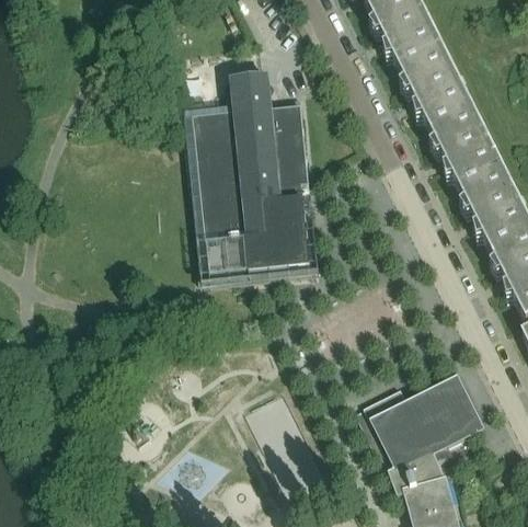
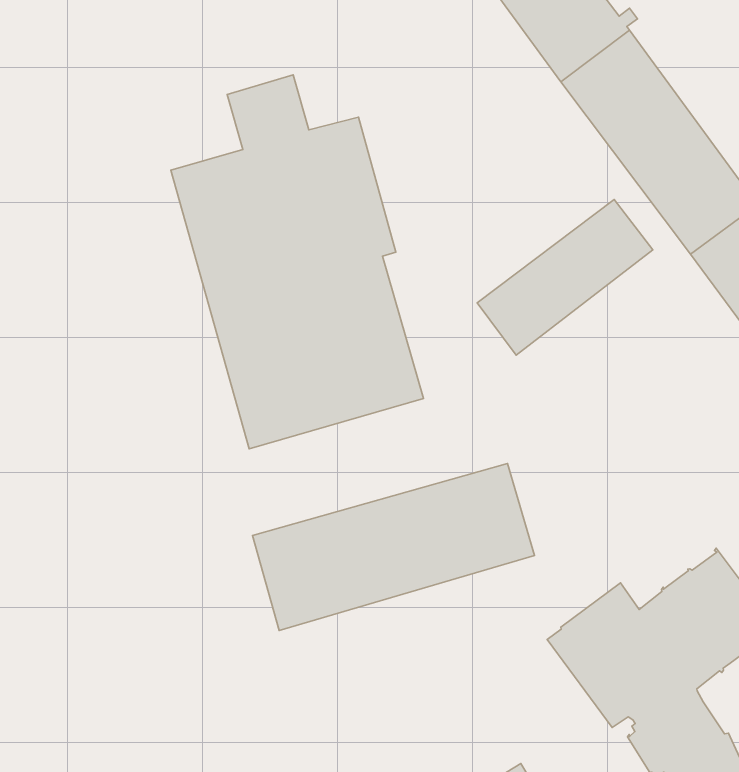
building: none -> [477,200,653,355]
building: none -> [252,463,534,631]

